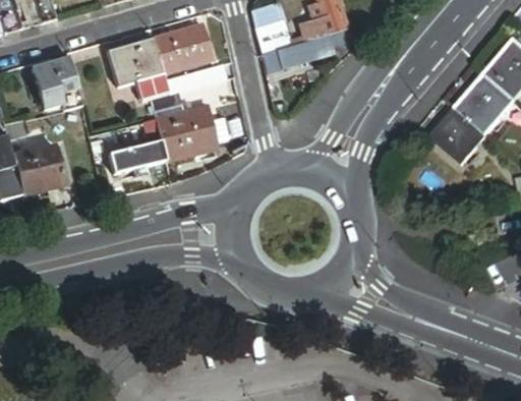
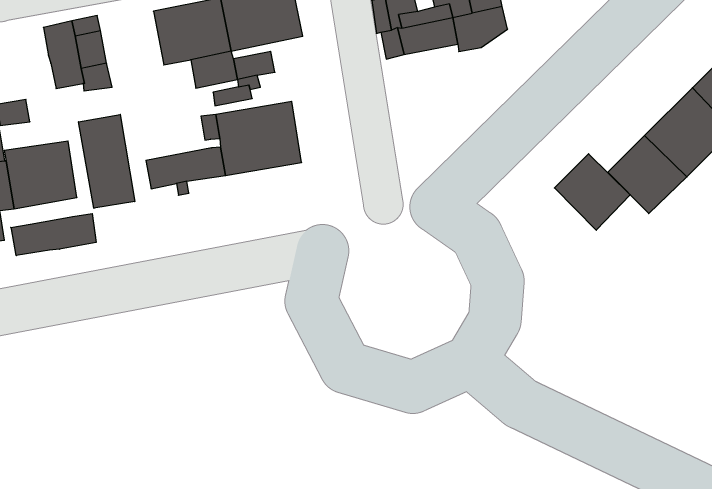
building: none -> [79,114,135,208]
building: none -> [554,154,630,230]
building: none -> [11,214,96,256]

